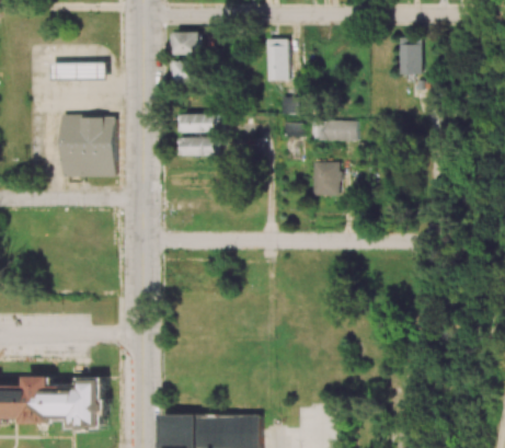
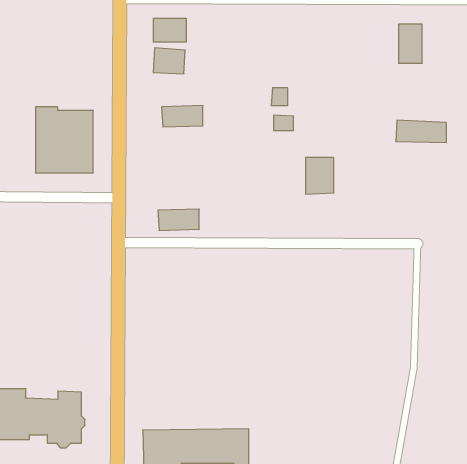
building: [267,39,288,81] -> none
building: [51,62,106,81] -> none
building: [309,120,356,141] -> [396,120,446,143]
building: [179,137,217,157] -> [158,209,199,230]

